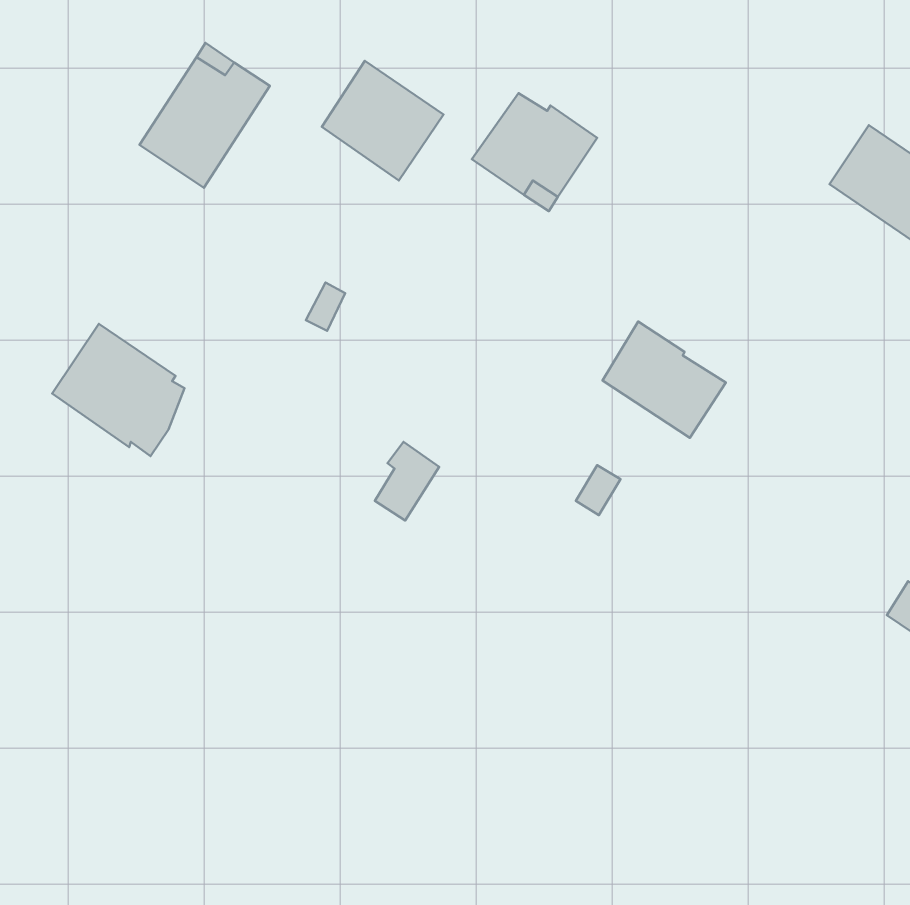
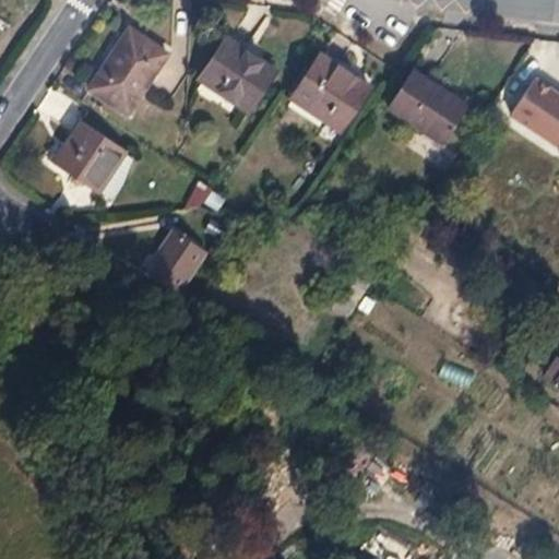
building: [602,322,726,438] -> [389,69,464,140]
building: [52,324,185,456] -> [51,119,132,200]
building: [375,442,439,520] -> [158,247,198,295]

